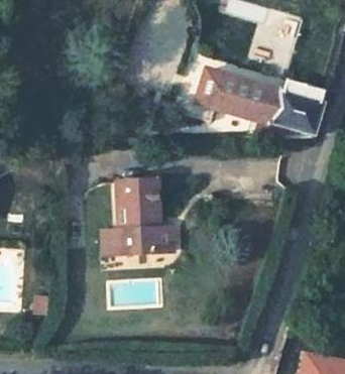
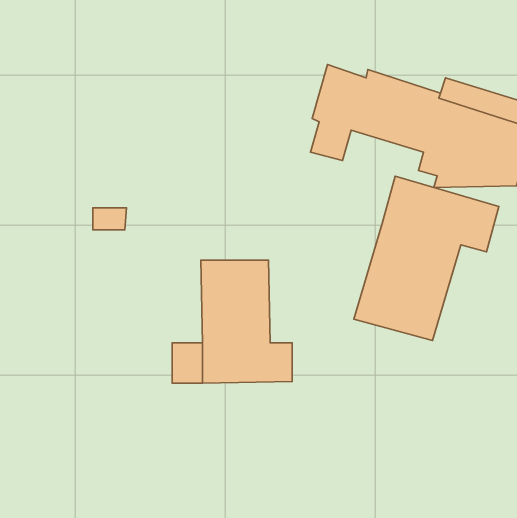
building: none -> [354,176,499,341]

